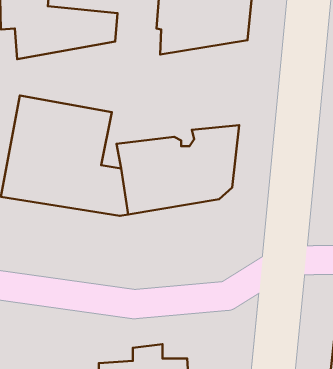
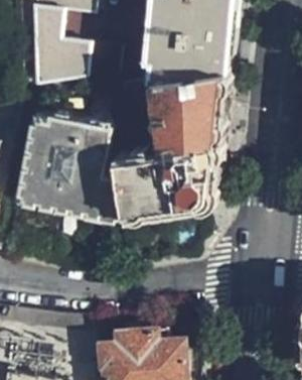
building: none -> [152,71,228,148]

